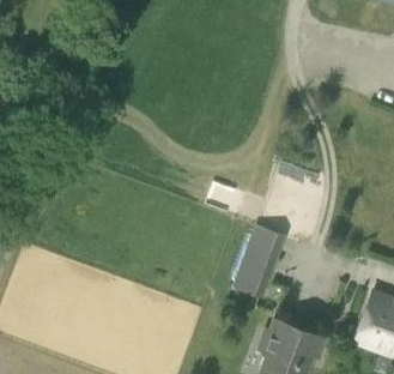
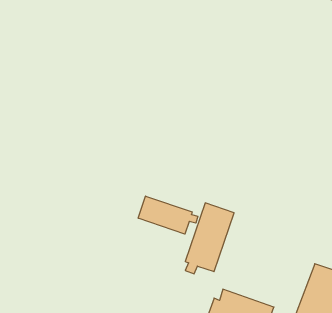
building: none -> [138,196,198,234]

